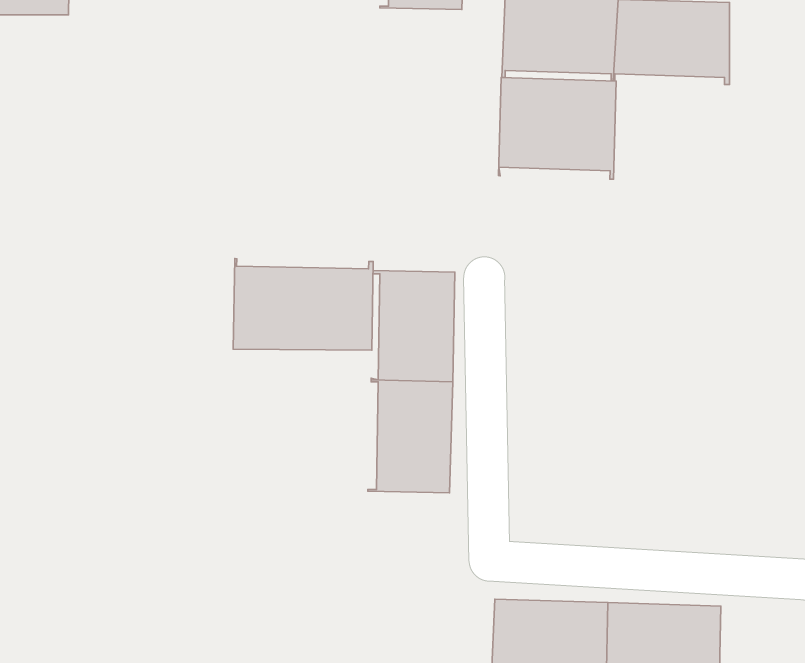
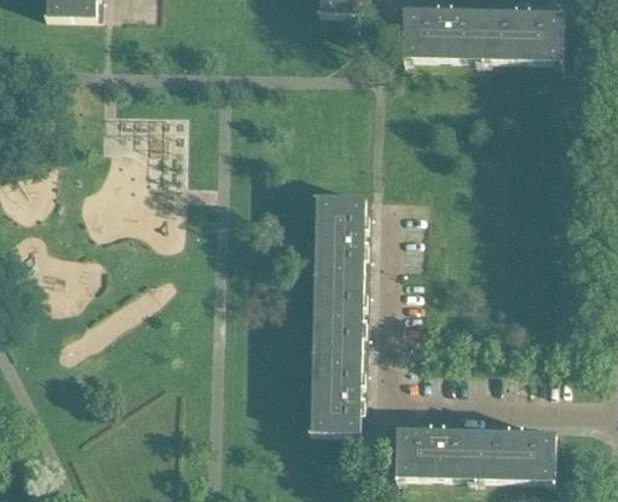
building: [498,77,616,179] -> none
building: [233,259,373,350] -> none
building: none -> [305,350,363,435]

